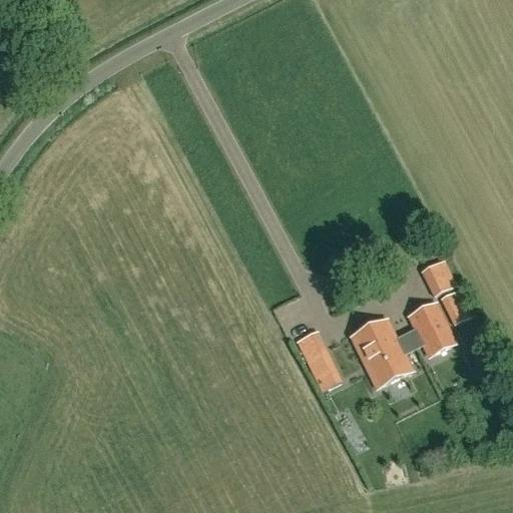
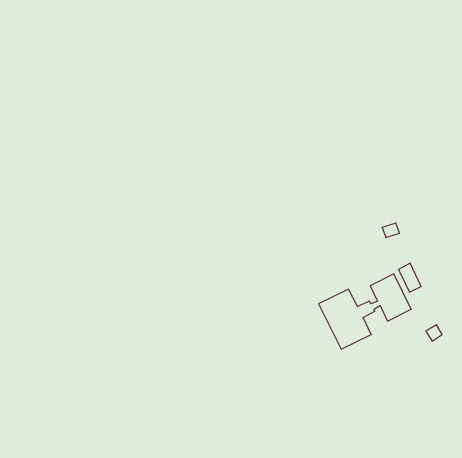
building: [421,260,455,295] -> none
building: [296,330,340,389] -> none

